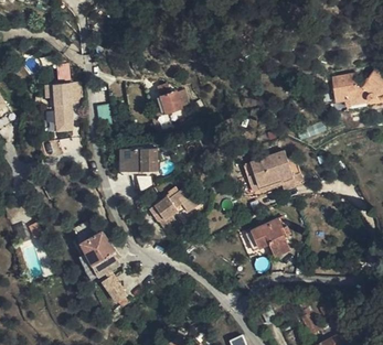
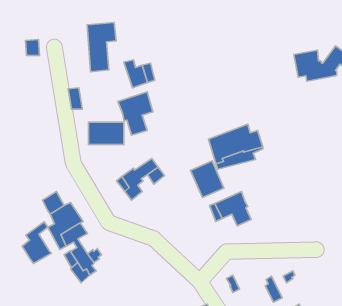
building: [52,82,82,132] -> [87,23,116,72]
building: none -> [118,92,153,135]
building: none -> [191,161,224,198]
building: none -> [22,222,52,264]

